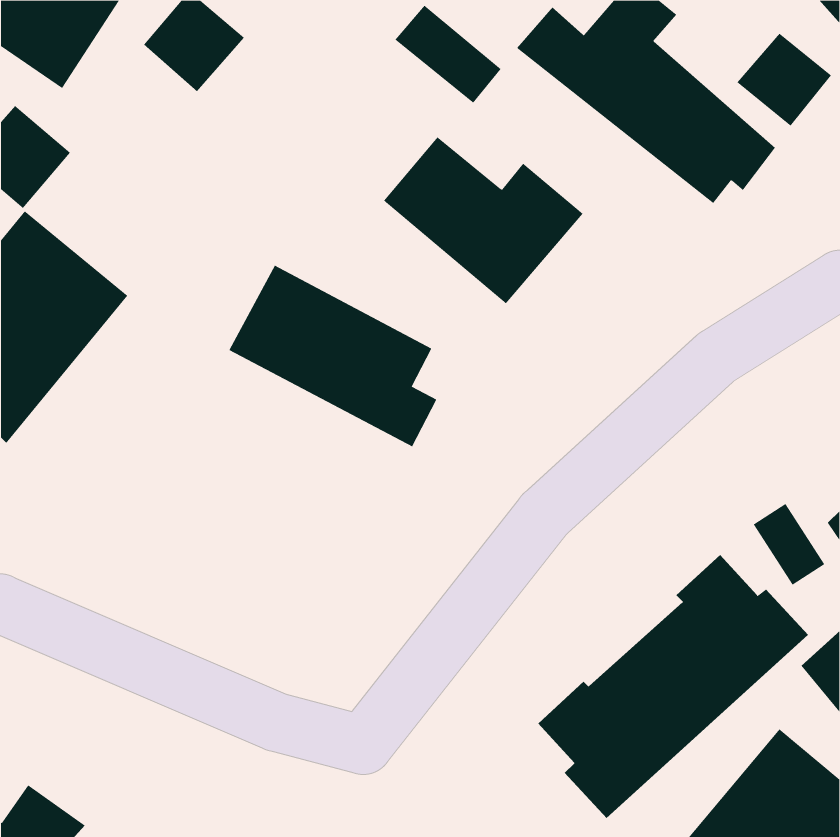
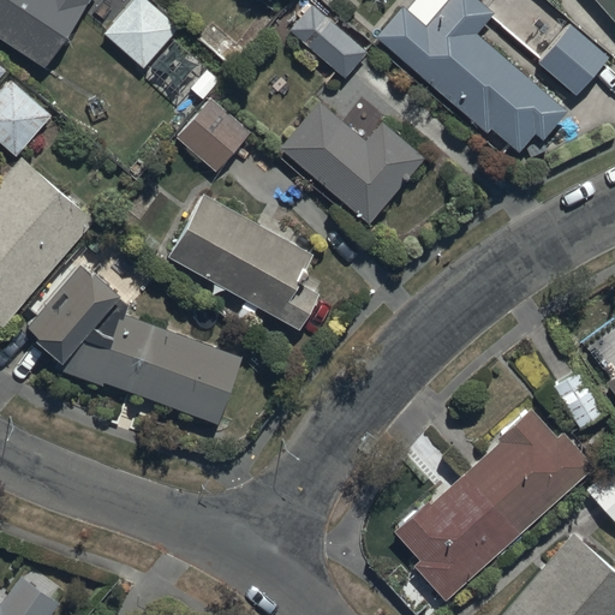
building: none -> [175,98,252,174]
building: none -> [26,265,243,425]

